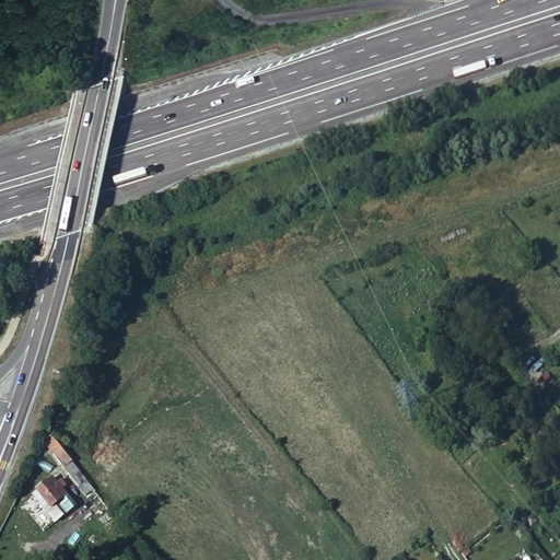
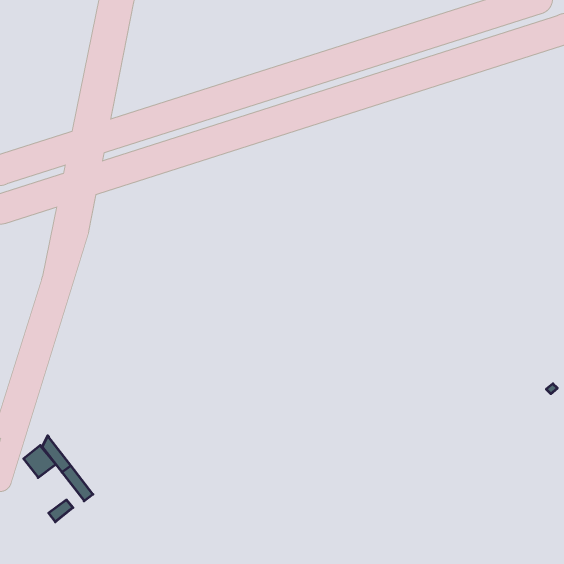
building: [35,476,67,508] -> [24,445,56,478]

